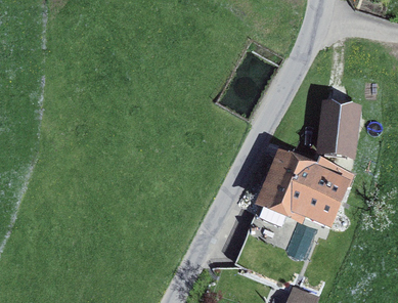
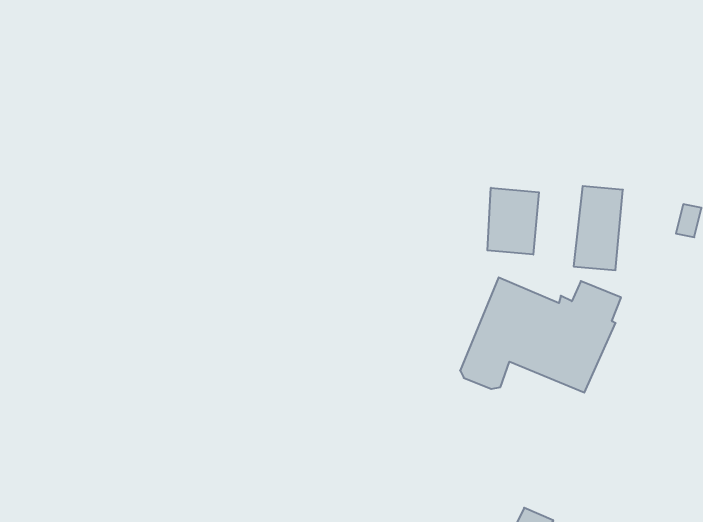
building: none -> [487,188,539,255]

